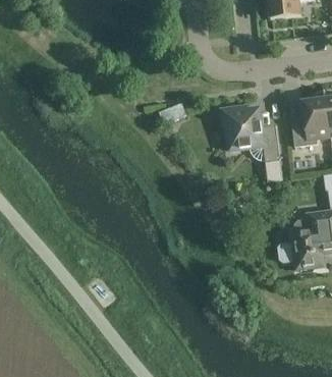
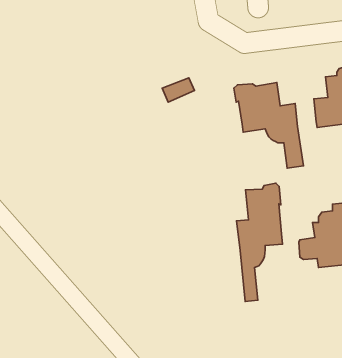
building: none -> [237,183,283,301]

